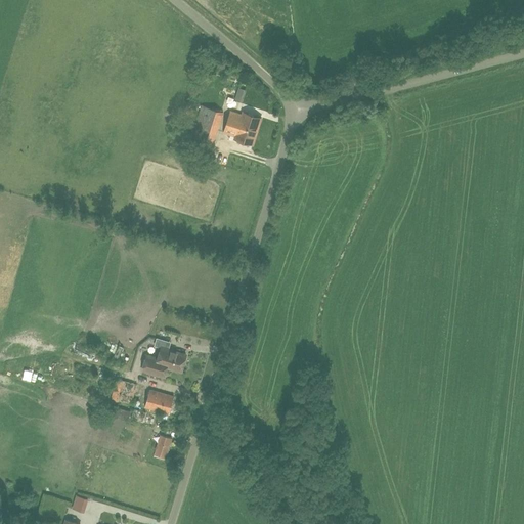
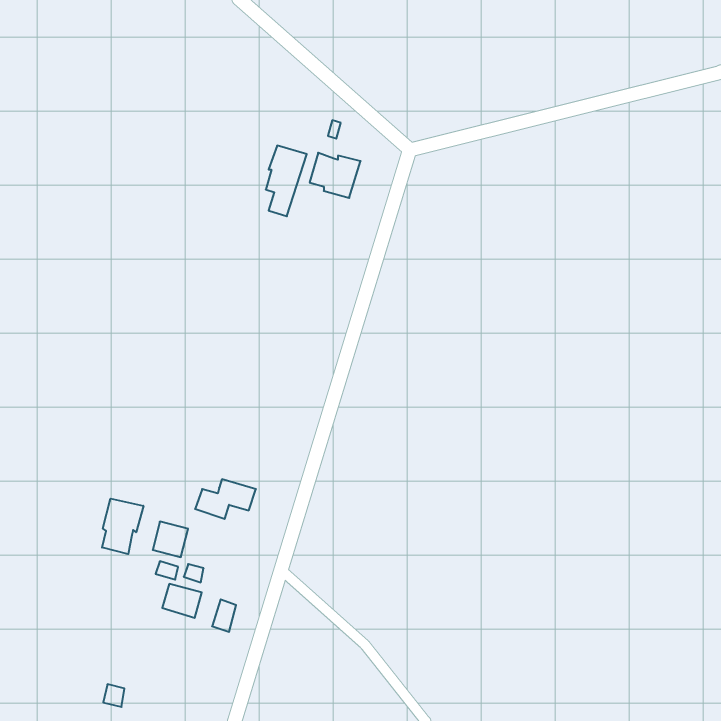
building: none -> [102,499,143,554]
building: [144,389,173,413] -> [162,584,202,618]

